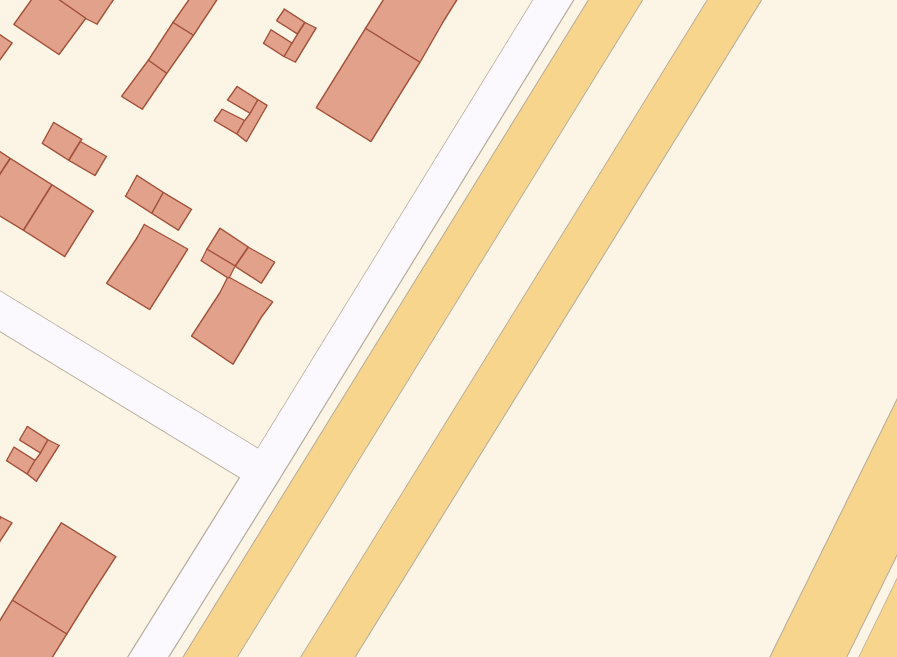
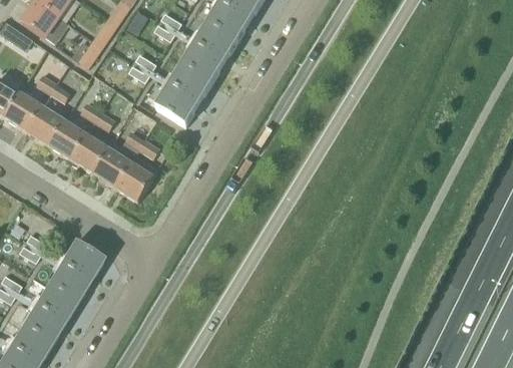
building: none -> [156,65,210,124]
building: none -> [48,120,86,158]
building: none -> [93,148,130,187]
building: none -> [46,245,100,304]

